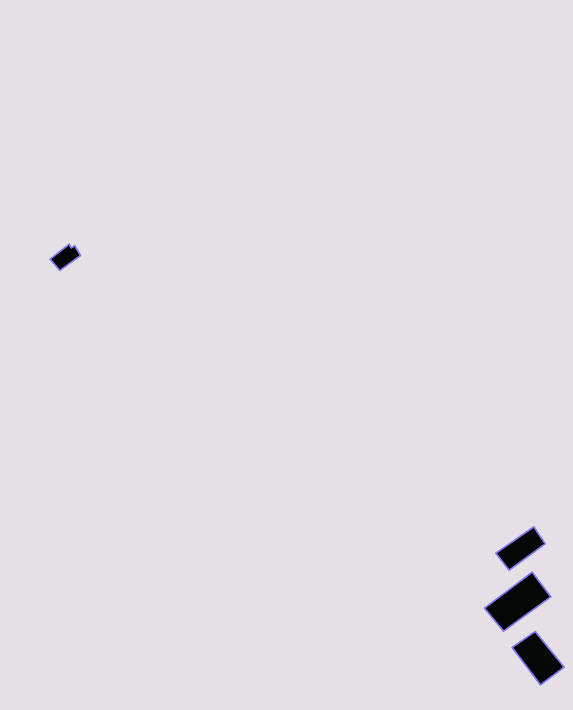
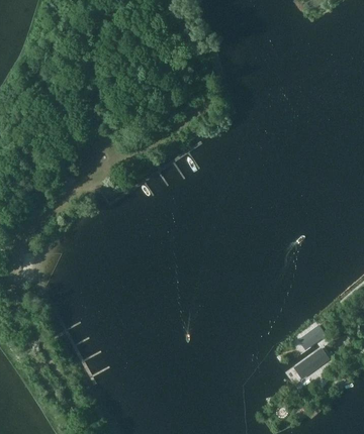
building: [512,631,564,685] -> none

